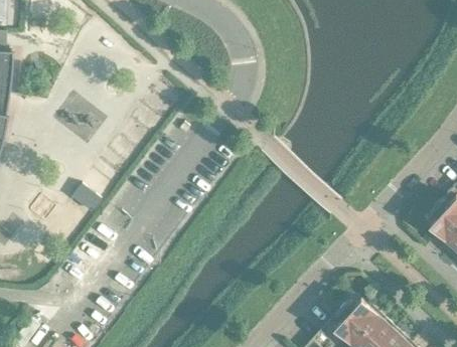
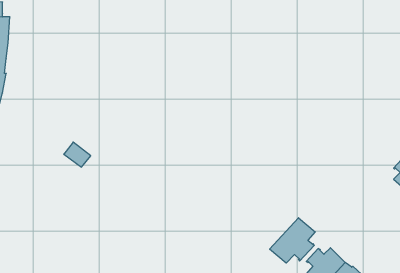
building: none -> [270,218,315,263]

